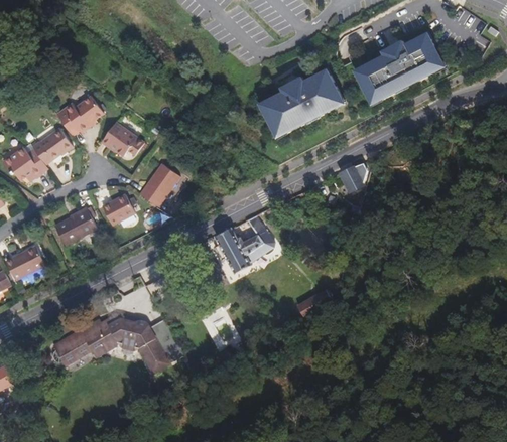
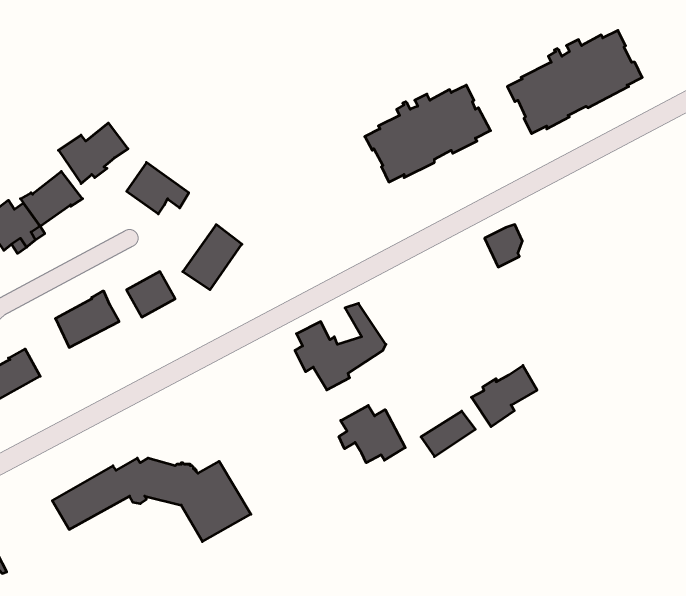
building: none -> [471,365,537,427]
building: none -> [339,405,405,463]

